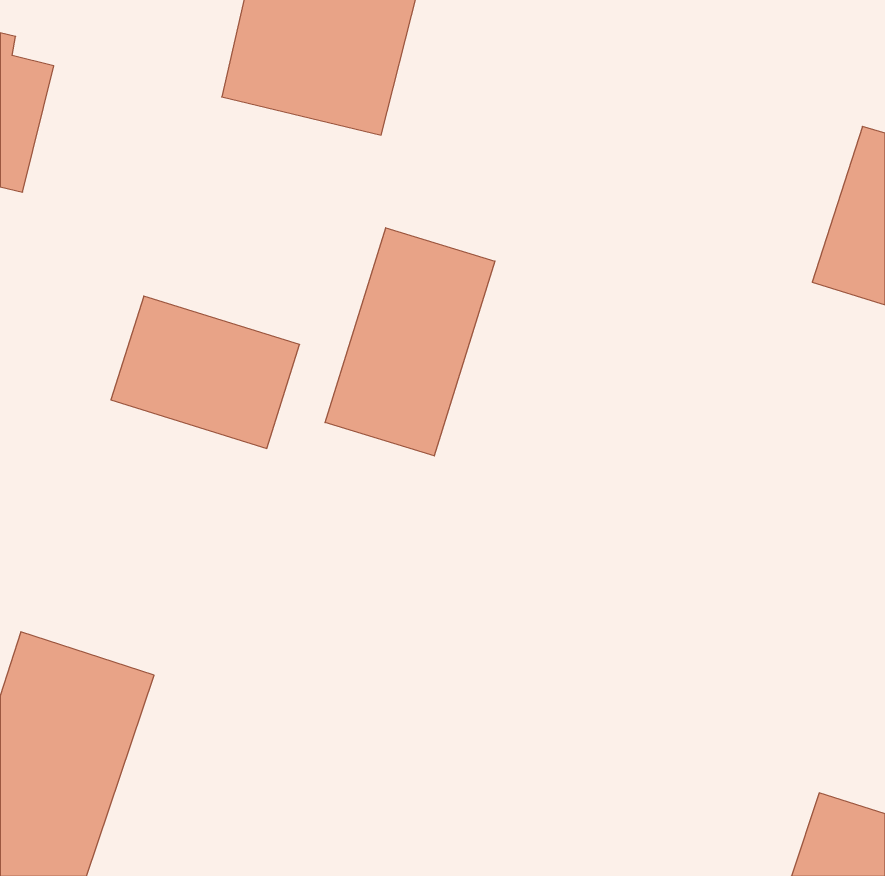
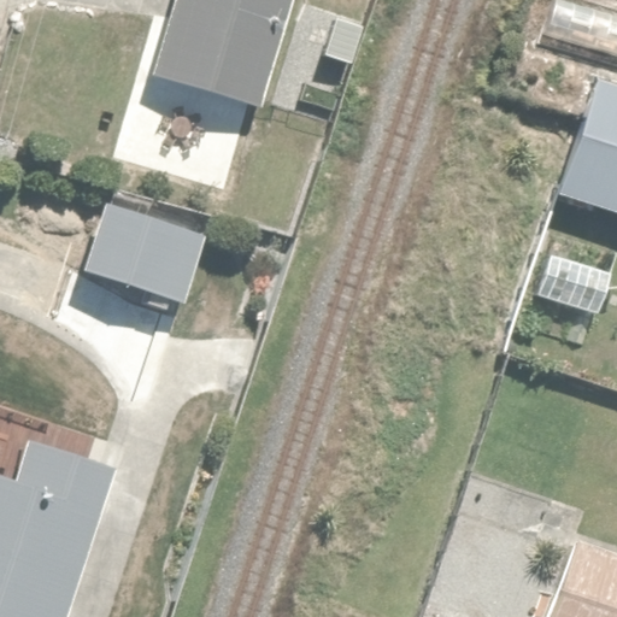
building: [325,228,495,456] -> none

